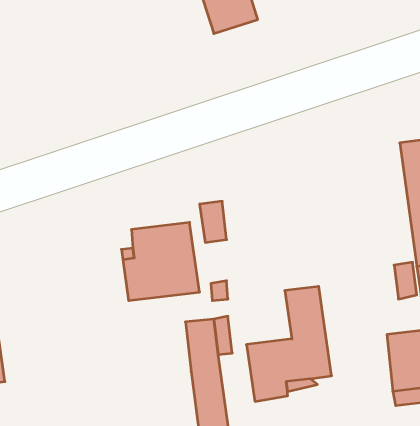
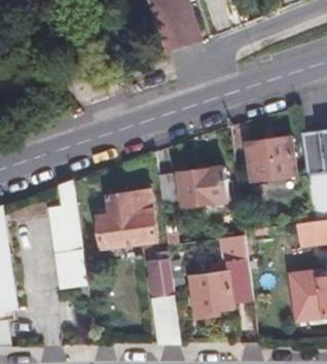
building: none -> [246,136,296,180]
building: none -> [178,163,227,205]
building: none -> [46,183,85,288]

